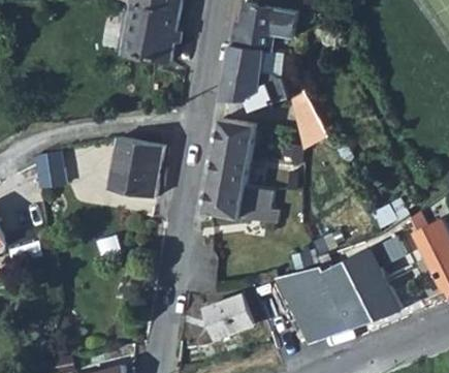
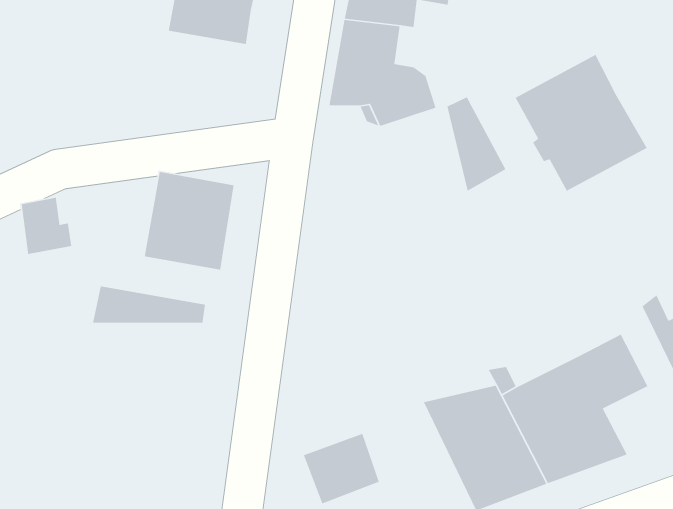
building: none -> [514,54,648,192]
building: [202,119,277,224] -> none
building: none -> [92,285,206,324]

